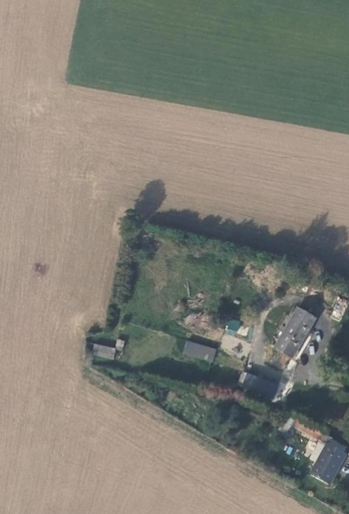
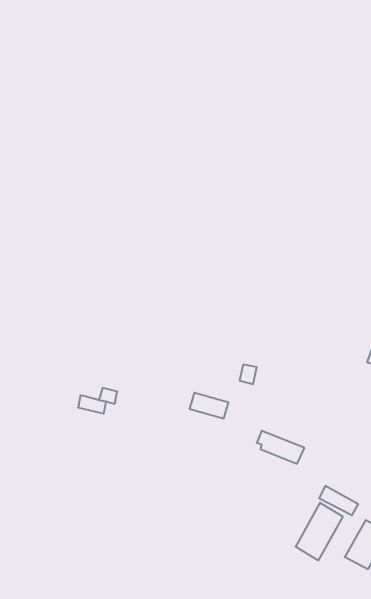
building: [275,308,316,357] -> none
building: none -> [296,503,343,560]

